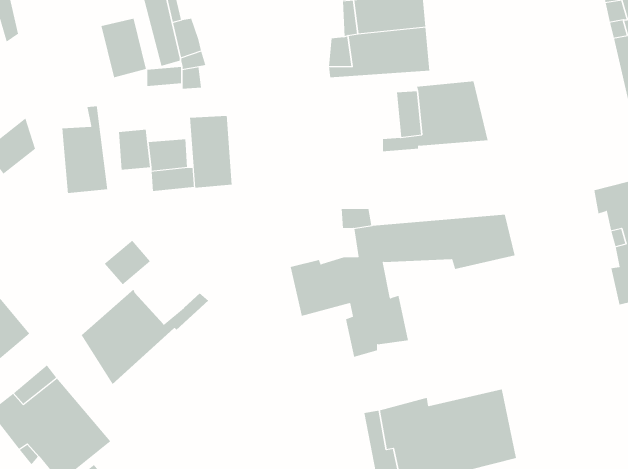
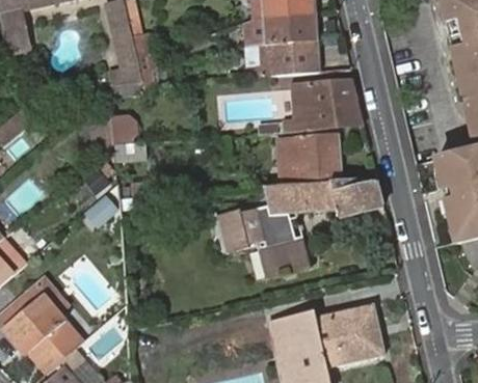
building: [101,18,147,78] -> none
building: [62,106,108,194] -> none
building: [190,115,232,189] -> none
building: none -> [284,132,340,180]
building: [81,288,209,385] -> none

